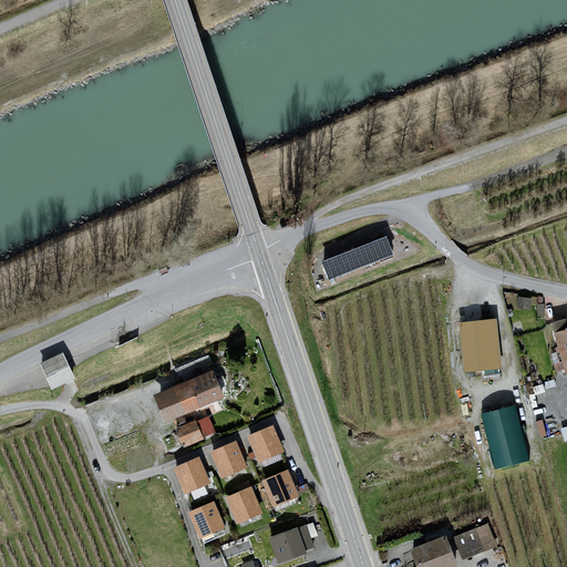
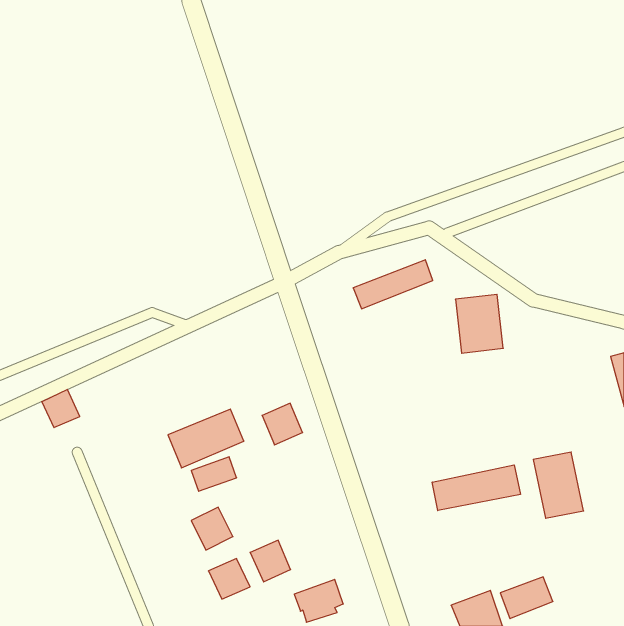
building: [458,318,502,371] -> [455,294,503,353]
building: none -> [432,465,520,511]
building: [247,426,284,464] -> [262,403,303,445]
building: [210,443,247,481] -> none
building: [261,472,299,509] -> none

